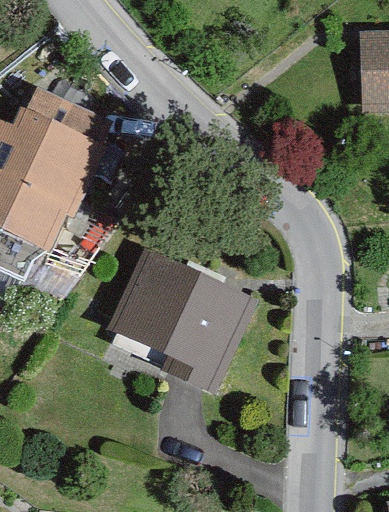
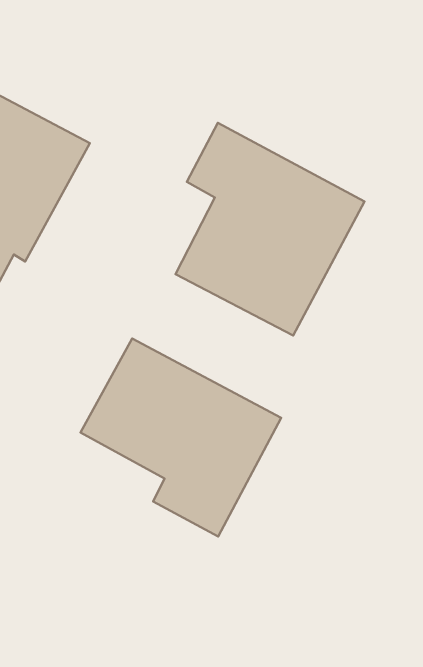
building: none -> [175,123,364,335]

